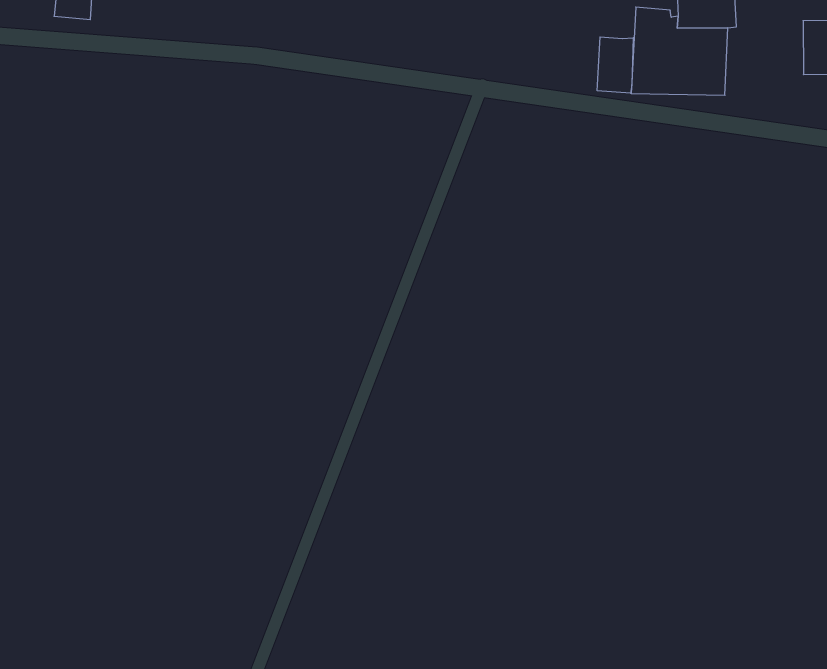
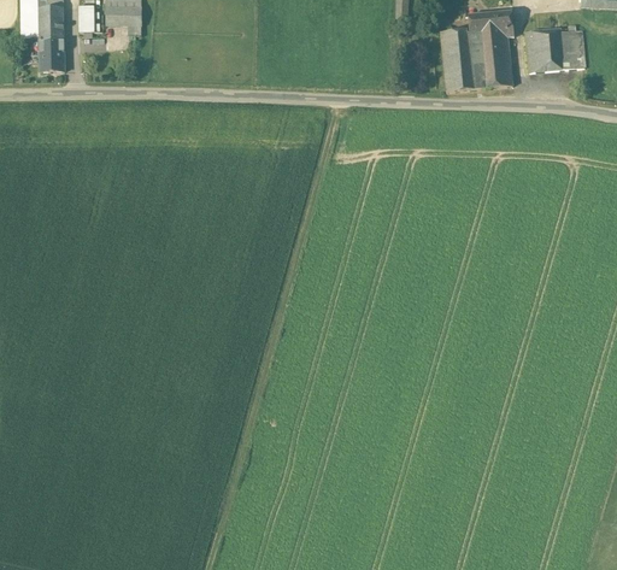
building: none -> [524,30,562,72]
building: [597,37,633,93] -> none

